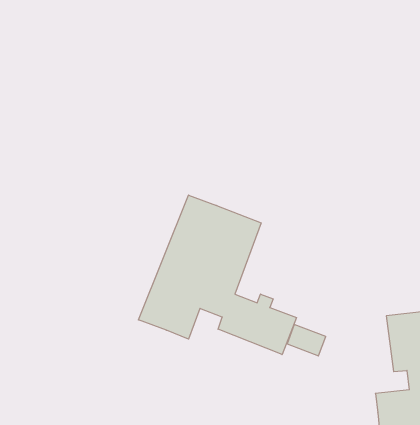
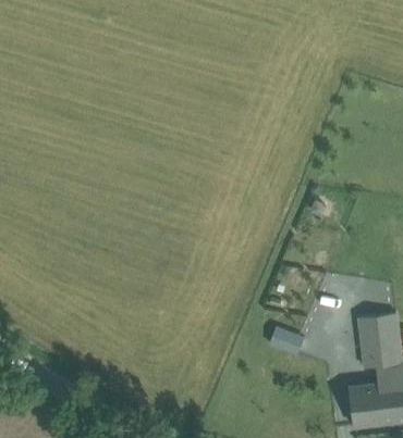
building: [138,195,296,355] -> none

